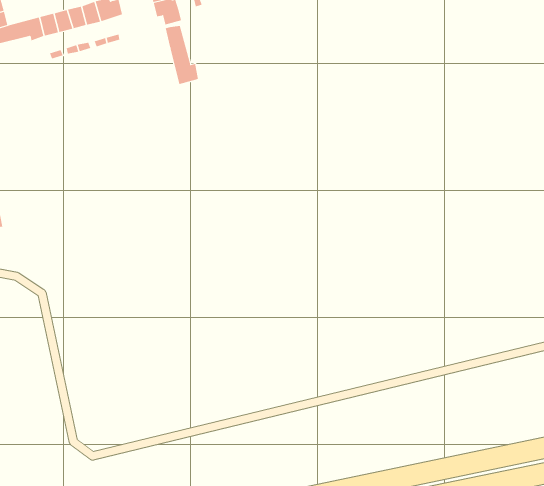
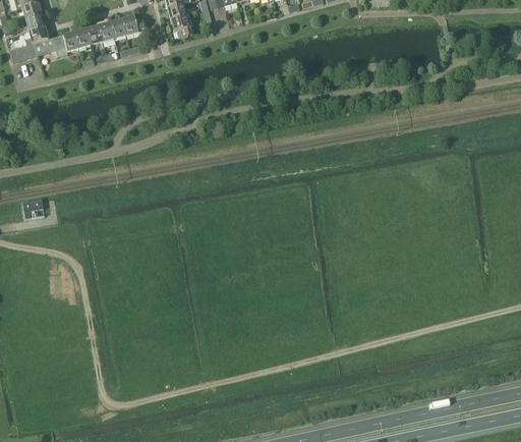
building: [165,25,198,85] -> none

